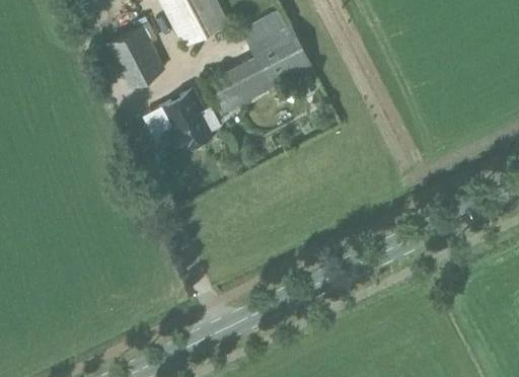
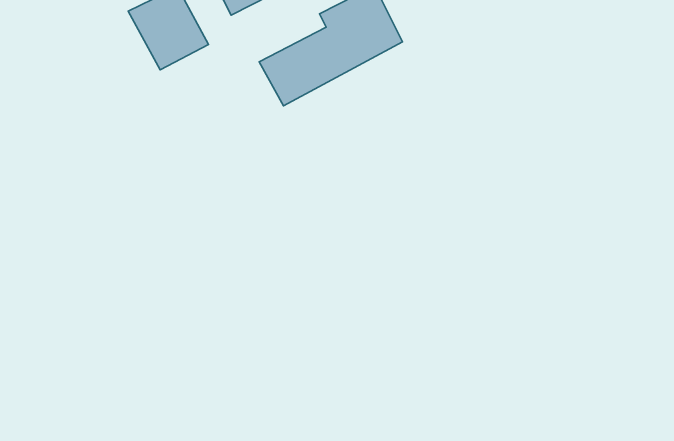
building: [144,89,220,153] -> none

